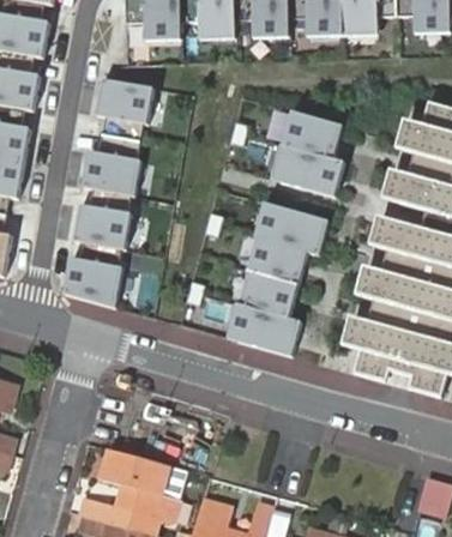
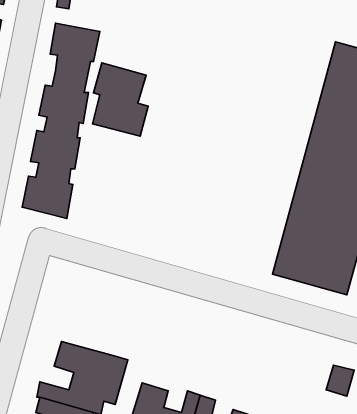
building: [278,111,343,197] -> [92,63,148,136]
building: [235,205,326,355] -> none

